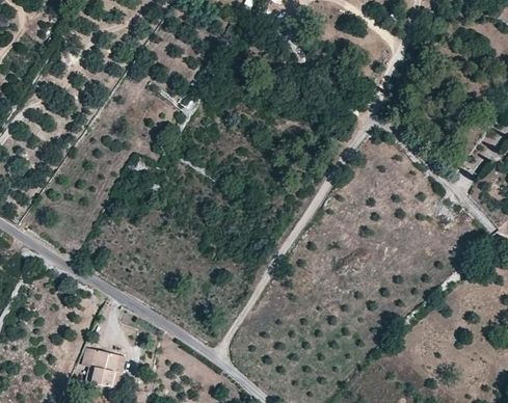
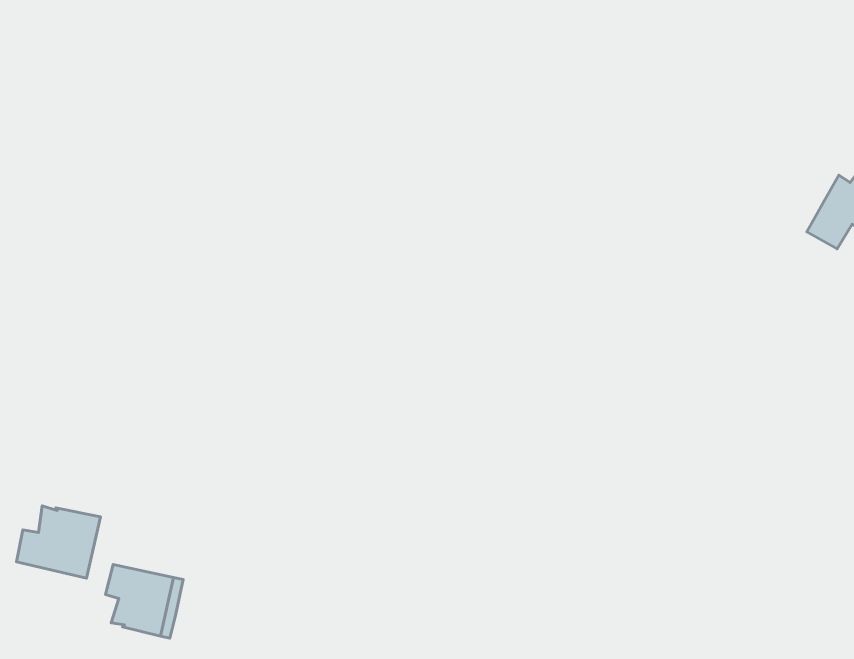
building: none -> [16,506,100,578]

